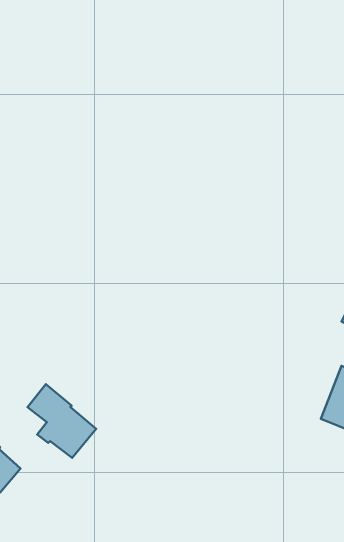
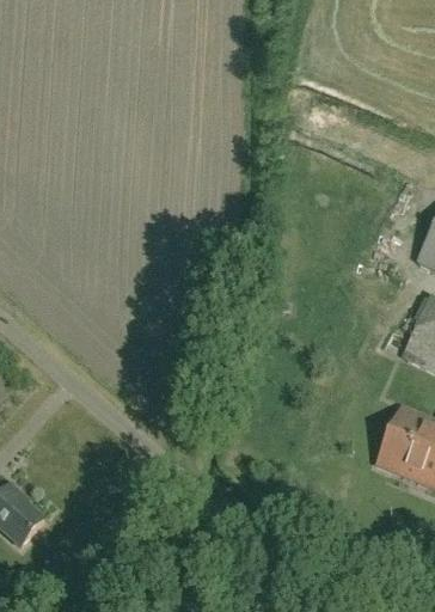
building: [27,384,96,458] -> none

